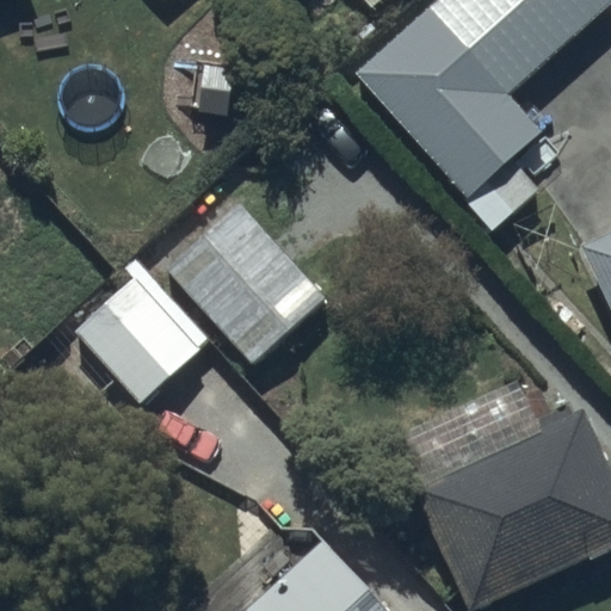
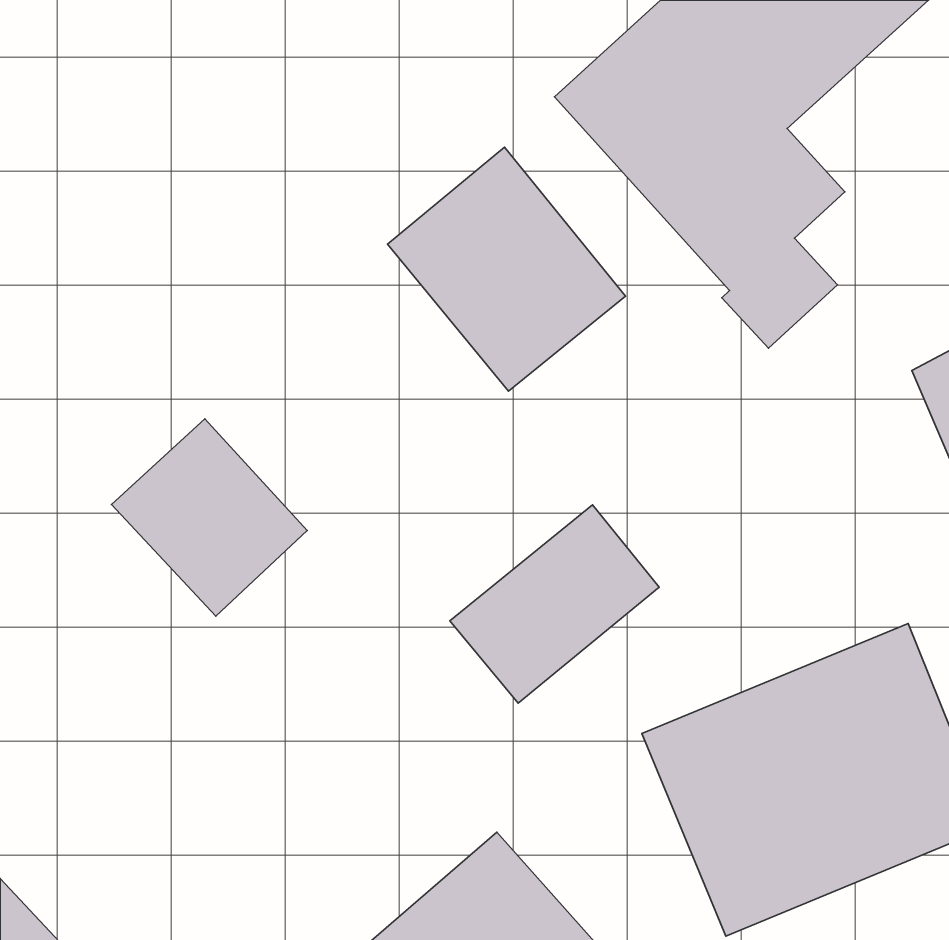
building: [169,203,322,359] -> [387,147,626,391]
building: none -> [450,505,659,703]

